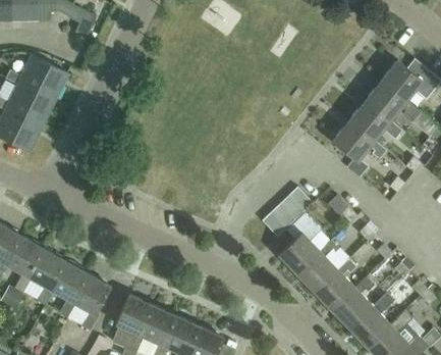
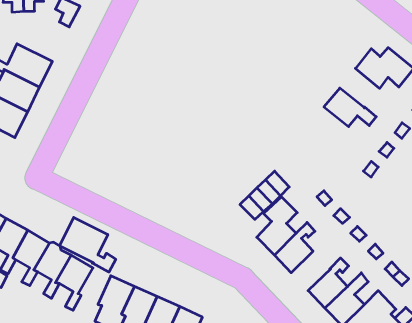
building: [365,81,419,121] -> none
building: [333,120,386,161] -> none
building: none -> [60,217,116,272]
building: [315,258,356,310] -> none

